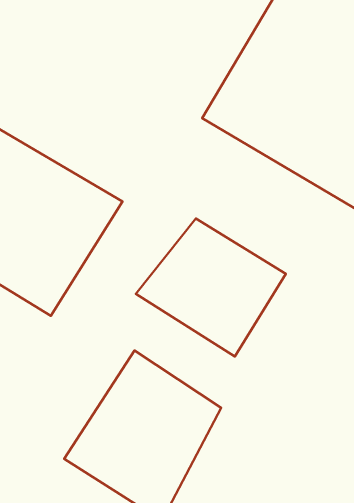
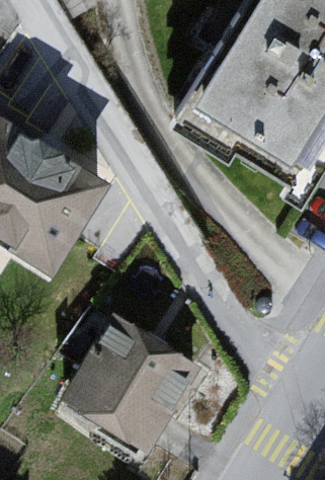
building: [136,219,286,357] -> none

